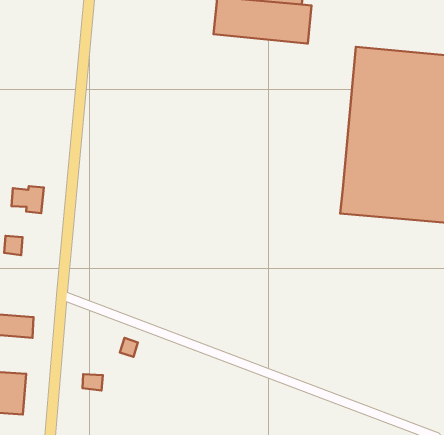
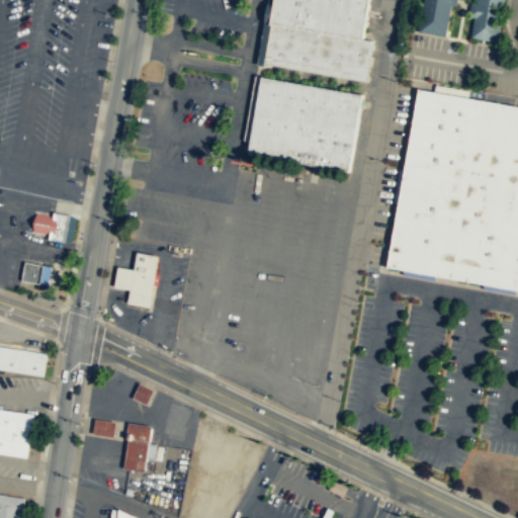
building: none -> [249,76,363,170]
building: none -> [113,251,157,307]
building: none -> [123,422,152,470]

